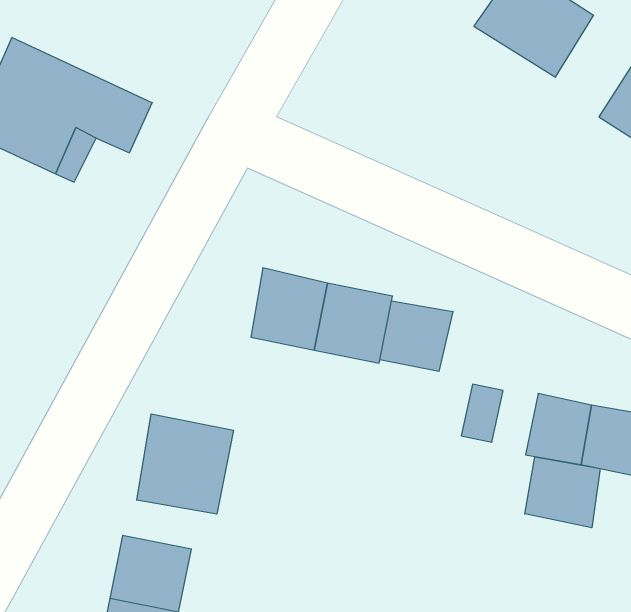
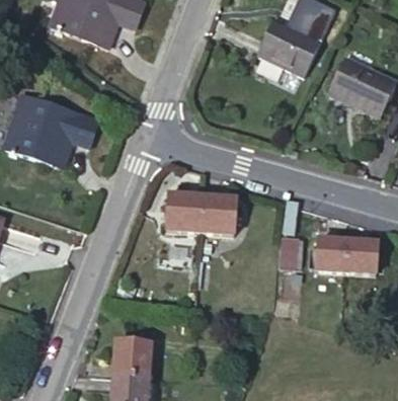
building: [380,301,453,371] -> none
building: [137,414,234,514] -> none
building: [525,457,600,528] -> none

